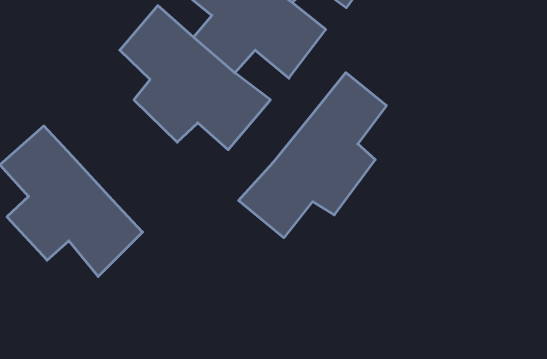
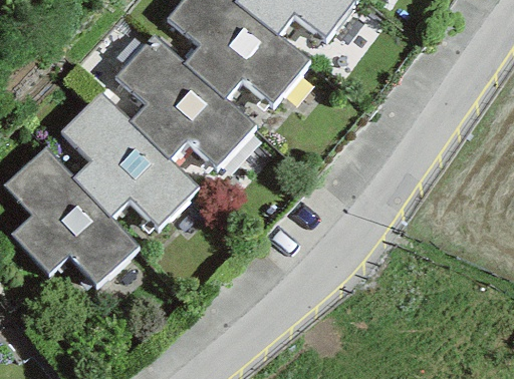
building: none -> [61,95,196,227]
building: [239,73,386,238] -> none

